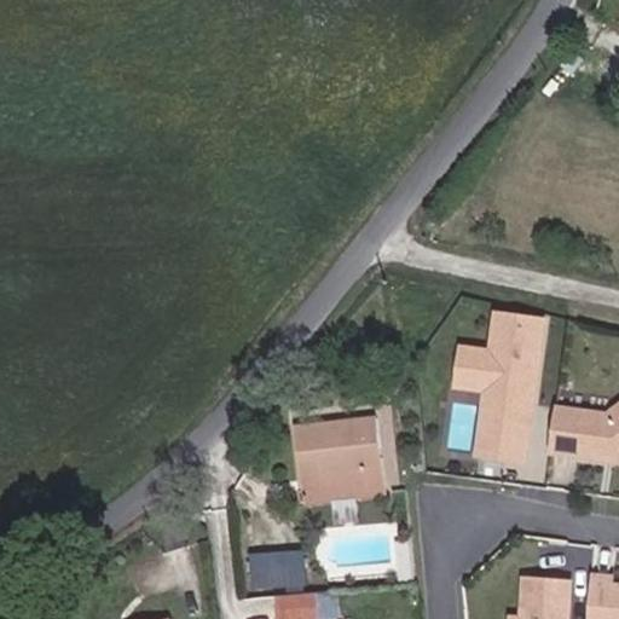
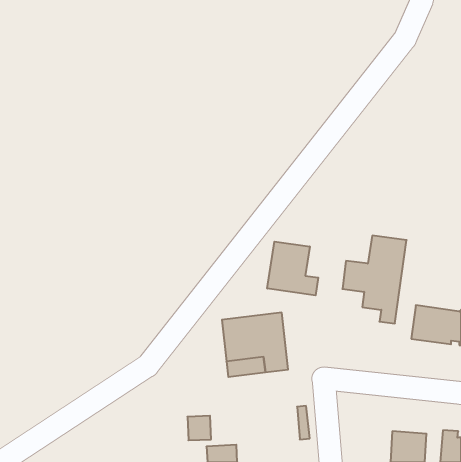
building: none -> [267,242,318,295]
building: [478,410,527,461] -> none

